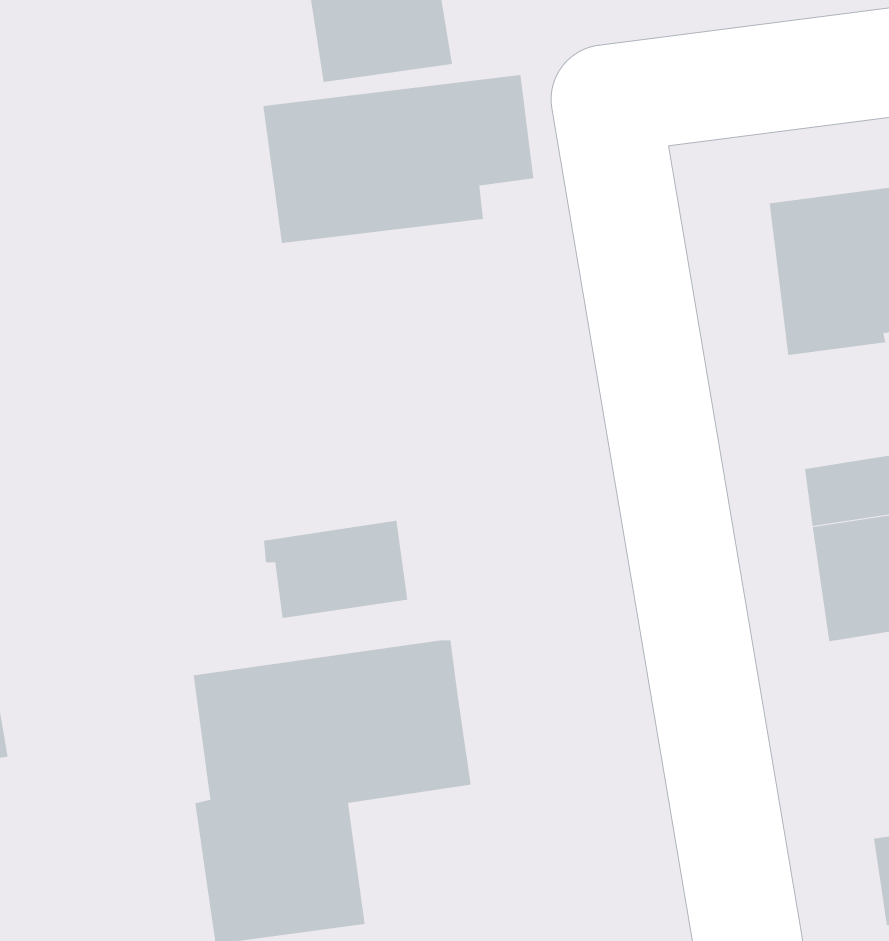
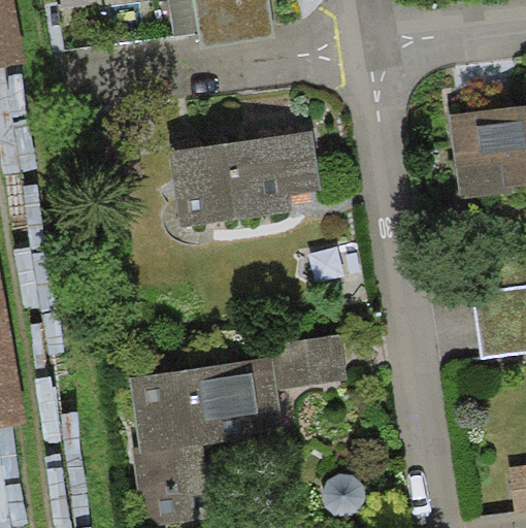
building: [263,74,534,243] -> [170,132,321,226]
building: [263,520,408,618] -> [267,334,348,389]

